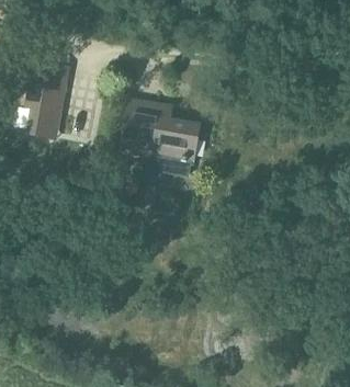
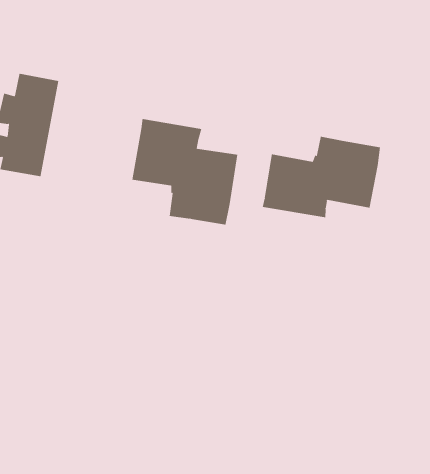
building: none -> [262,136,380,218]

